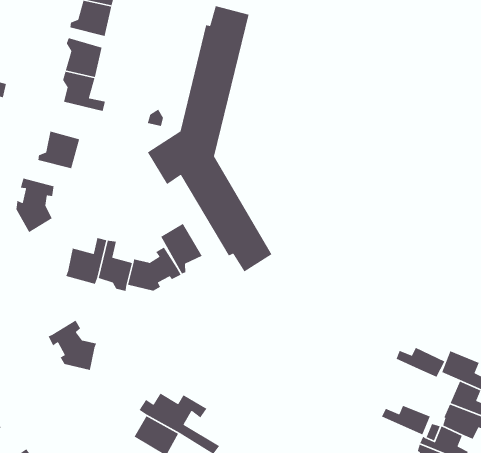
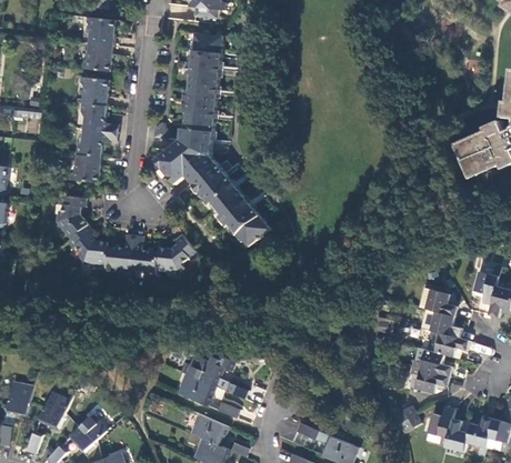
building: none -> [76,130,117,158]
building: [160,223,203,274] -> none
building: [47,320,97,371] -> [67,225,108,265]
building: [395,347,446,378] -> none
building: [381,405,431,436] -> none

